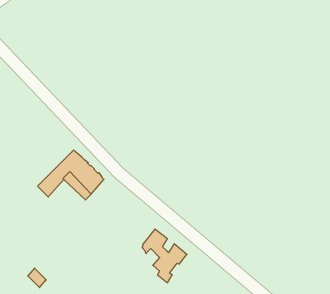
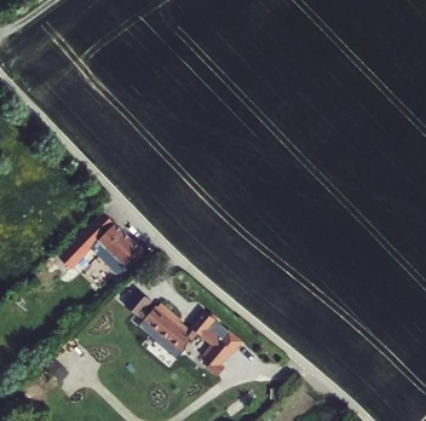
building: none -> [123,292,190,354]

